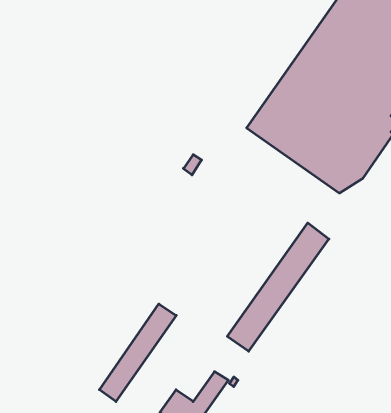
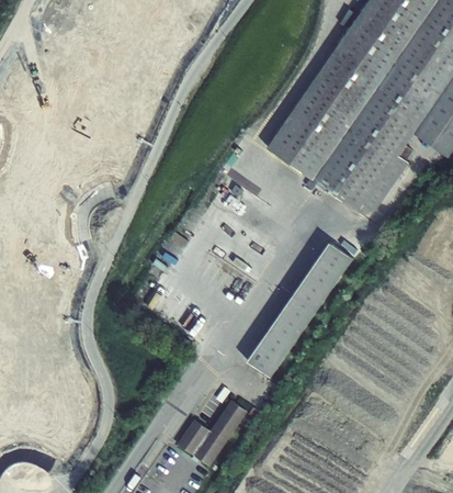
building: [99,304,176,402] -> none

